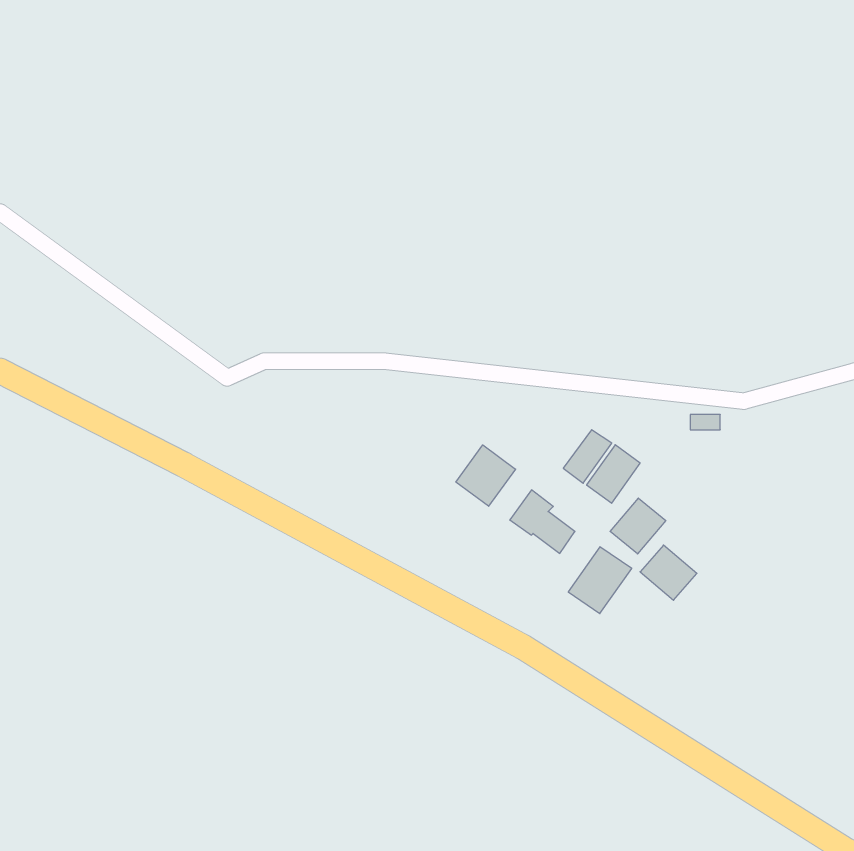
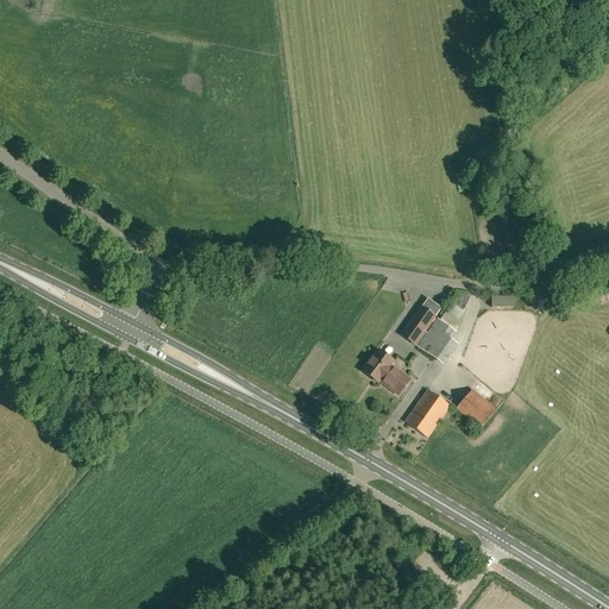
building: [456,445,516,506] -> none
building: [610,498,666,554] -> none

